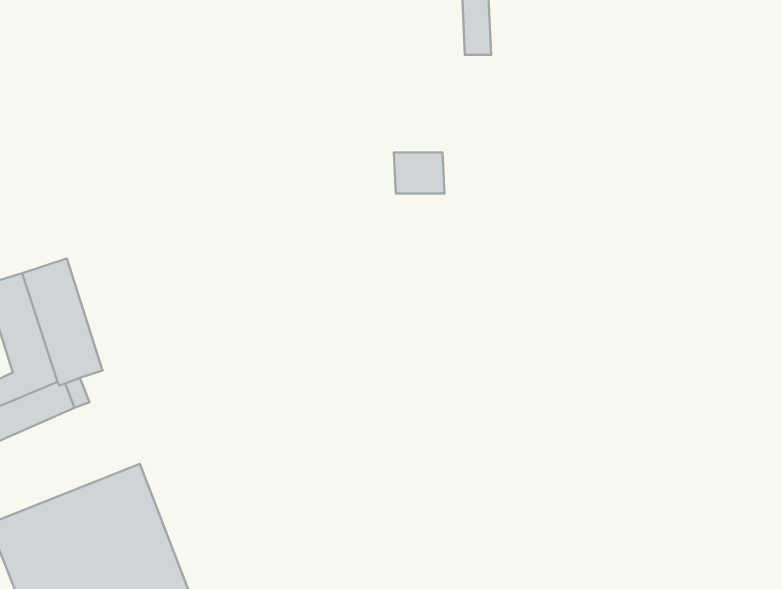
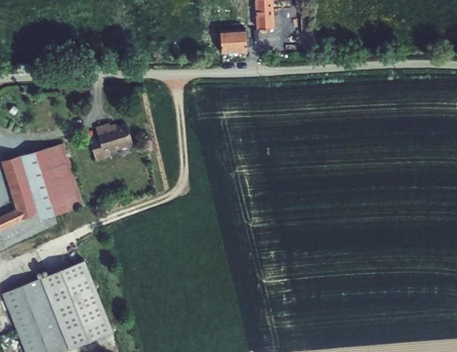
building: [394,153,444,194] -> [222,35,250,57]
building: none -> [83,119,126,156]
building: none -> [43,142,78,207]

